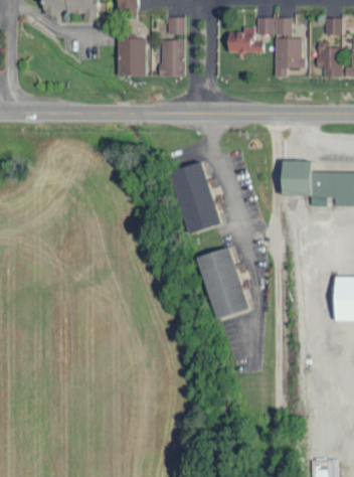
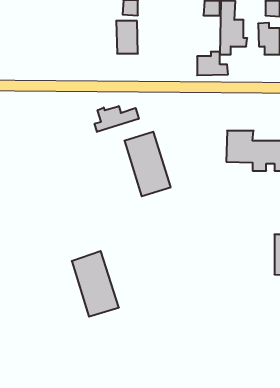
building: [228,26,262,52] -> [197,52,228,75]
building: [117,37,146,75] -> none
building: none -> [95,106,139,132]
building: [197,247,249,319] -> [72,251,119,317]

